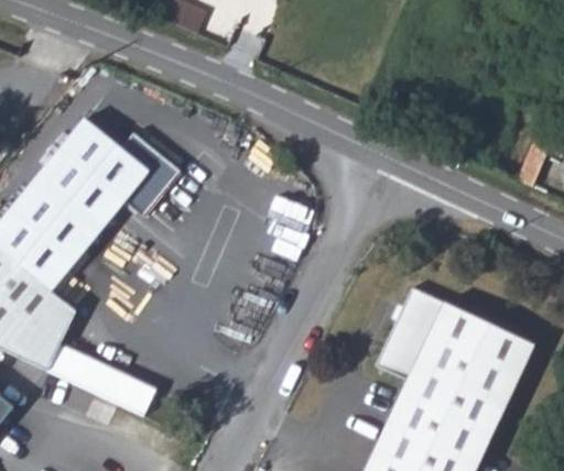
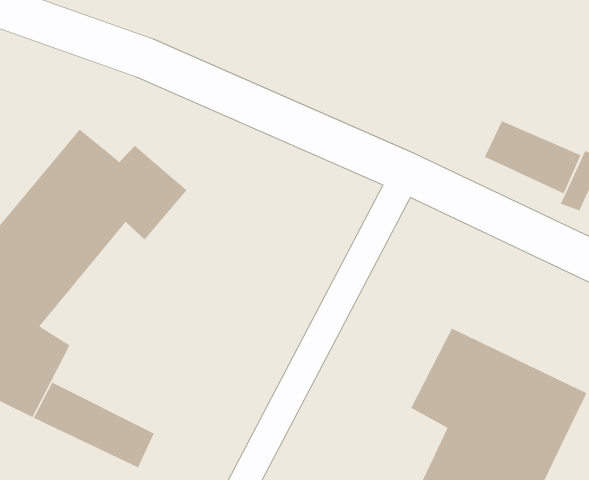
building: none -> [484,120,581,195]

